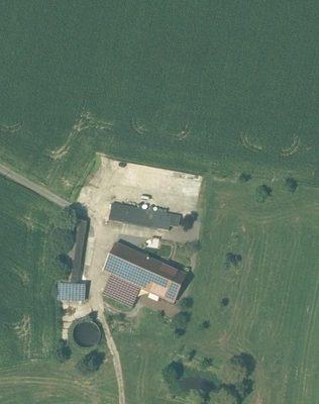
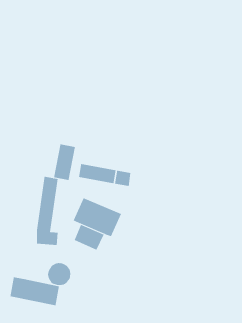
building: none -> [54,143,76,181]
building: [149,263,187,302] -> none
building: none -> [10,276,60,306]

